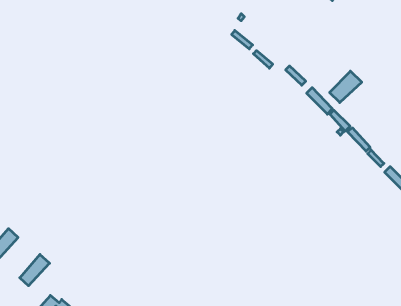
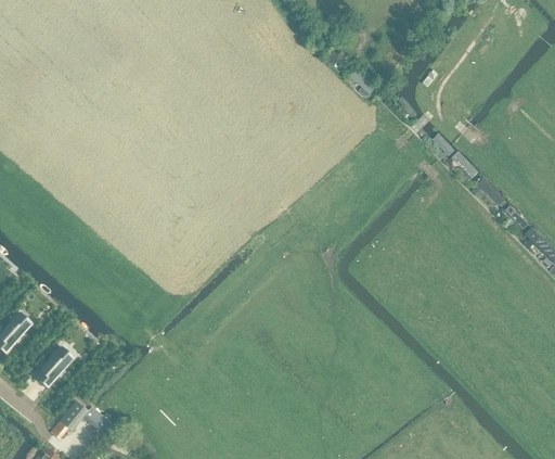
building: [330,71,362,103] -> none

